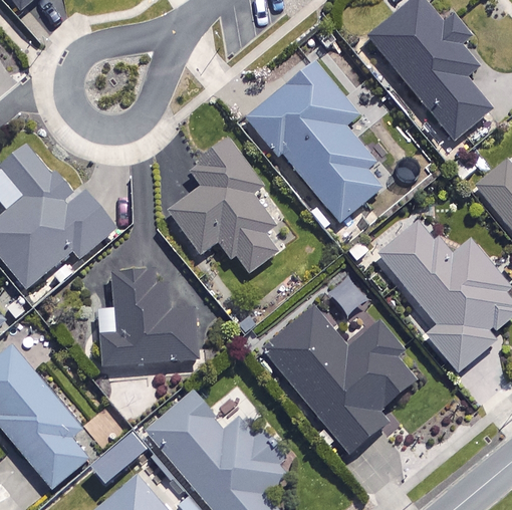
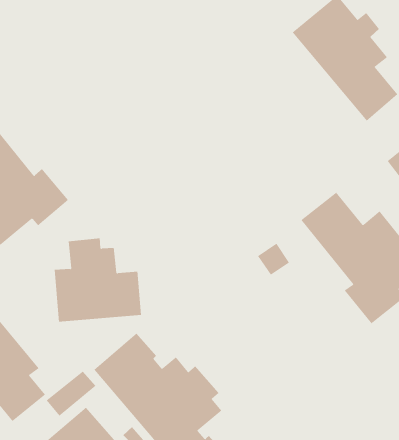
building: [250,63,389,222] -> none
building: [168,138,278,278] -> none
building: [264,309,422,455] -> none

